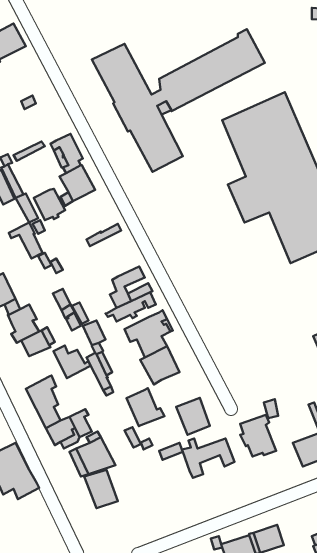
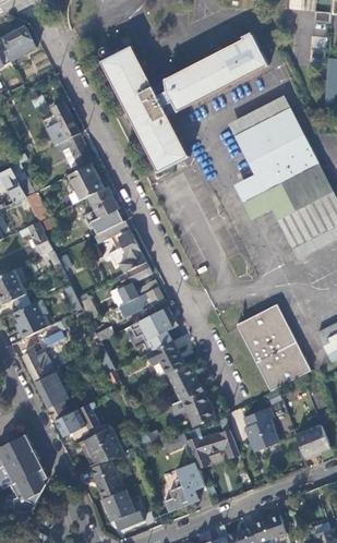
building: none -> [50,102,79,141]
building: [34,189,65,220] -> [87,188,118,218]
building: none -> [108,231,145,273]
building: none -> [233,303,308,390]
building: [54,345,91,378] -> [22,350,58,382]
building: [126,388,165,426] -> [167,363,204,400]
building: none -> [163,461,204,511]
building: none -> [104,490,134,520]

